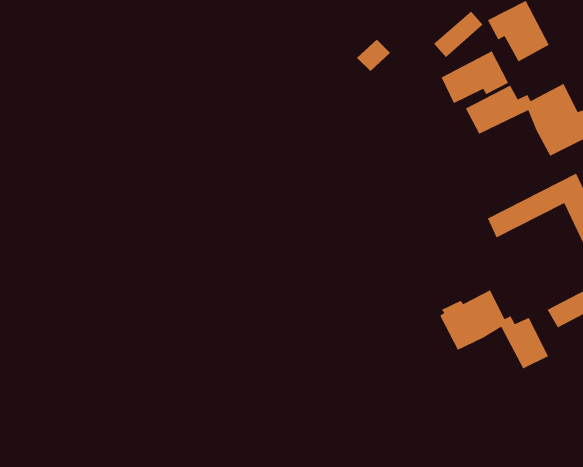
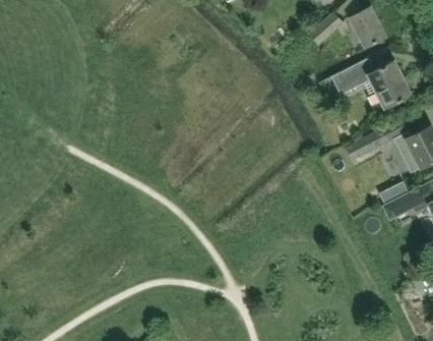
building: [440,50,509,104] -> none
building: [439,289,549,369] -> none

